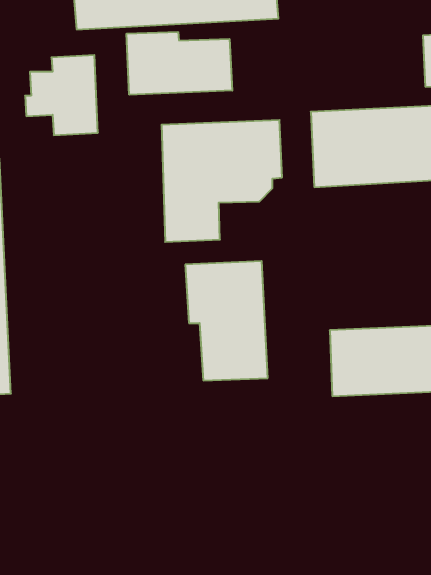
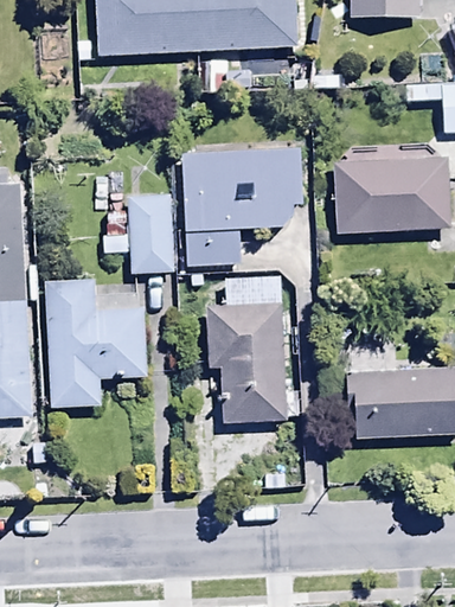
building: [127,32,232,95] -> none
building: [25,55,98,135] -> [102,196,174,275]
building: none -> [45,280,147,408]

